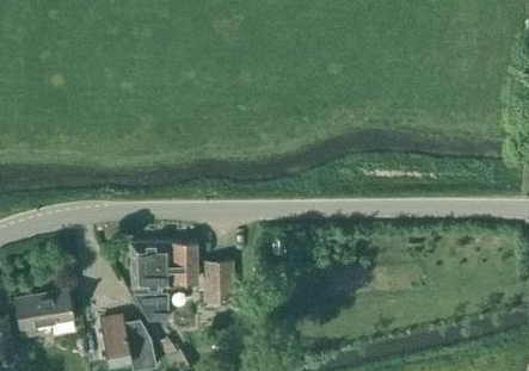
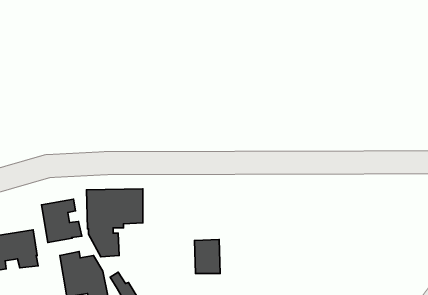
building: none -> [42,199,82,242]
building: [203,261,233,301] -> [194,240,220,273]

